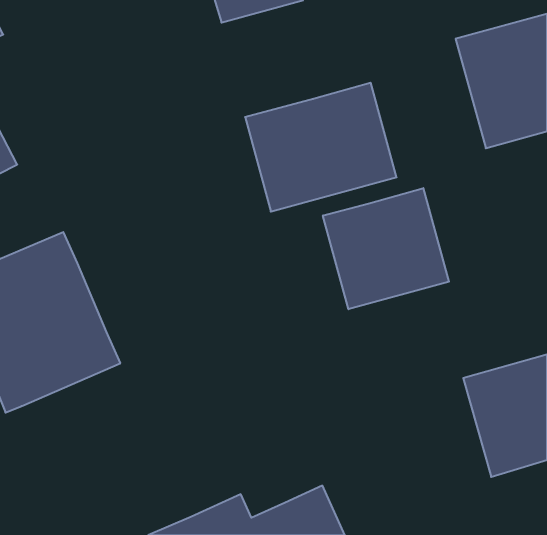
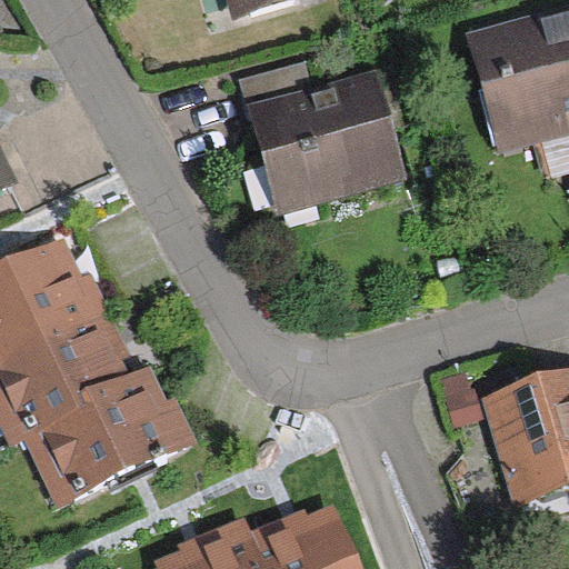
building: [323,188,449,309] -> none
building: none -> [22,365,184,499]

